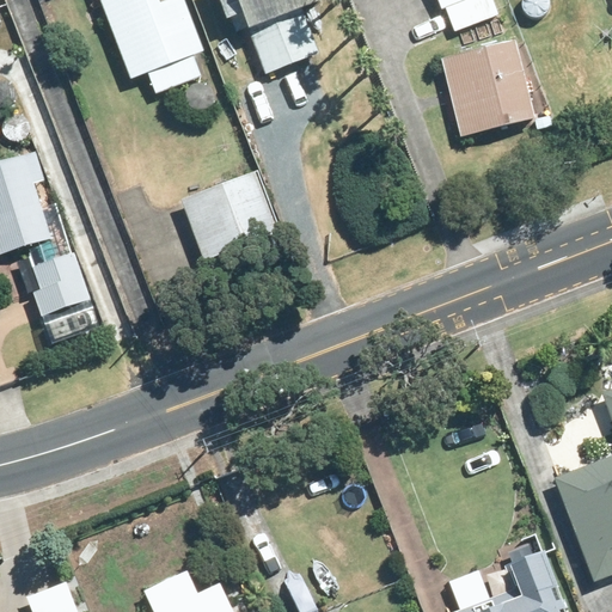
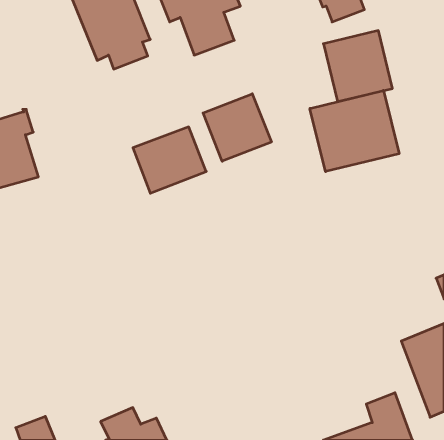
building: none -> [310,90,399,172]
building: none -> [203,94,271,161]
building: [33,255,94,322] -> none

